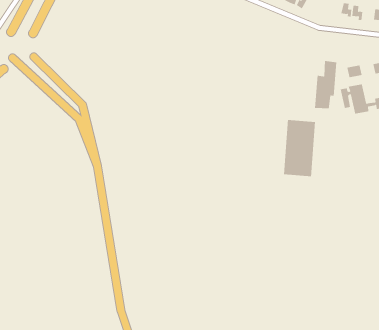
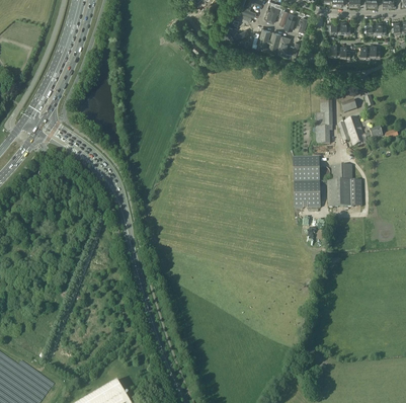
building: none -> [327,165,361,207]

